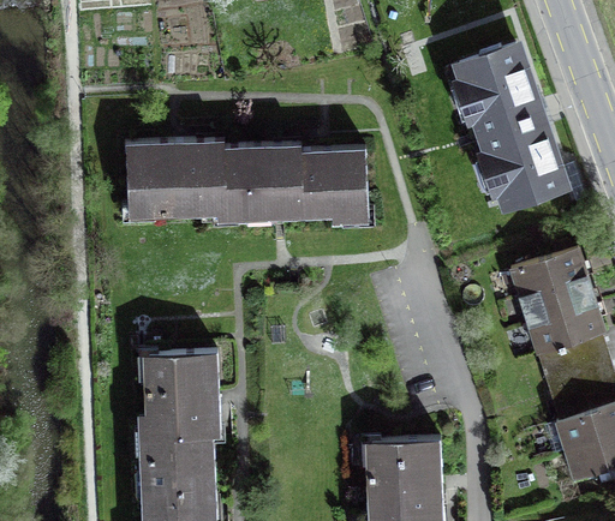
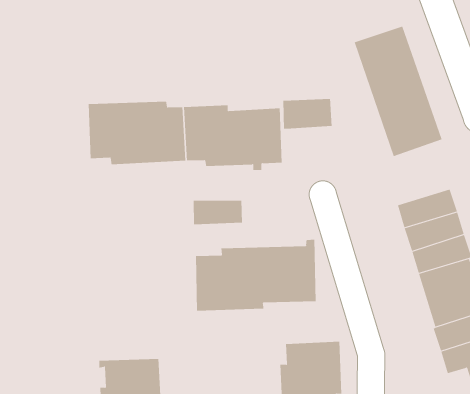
building: none -> [283,98,332,130]
building: none -> [193,200,243,225]
building: none -> [196,239,316,312]
building: [137,352,220,462] -> none

